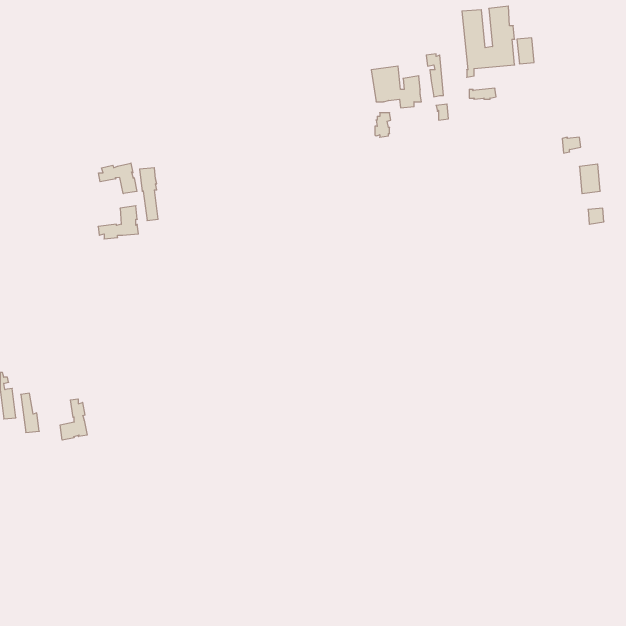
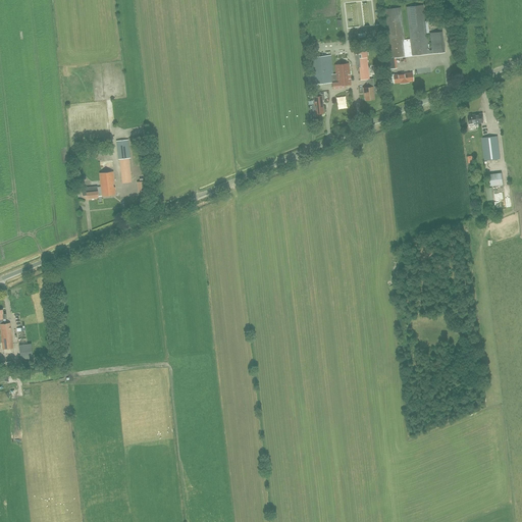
building: [99,163,137,194] -> none
building: [60,399,87,440] -> none

